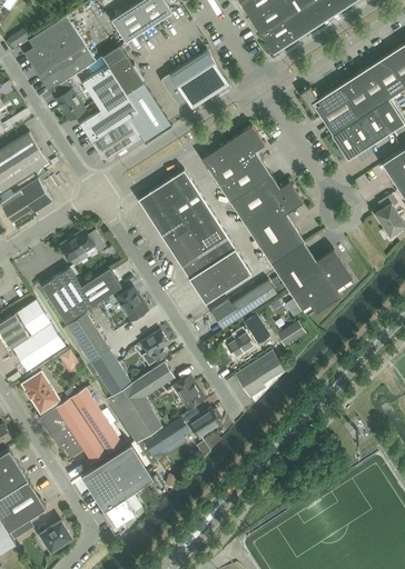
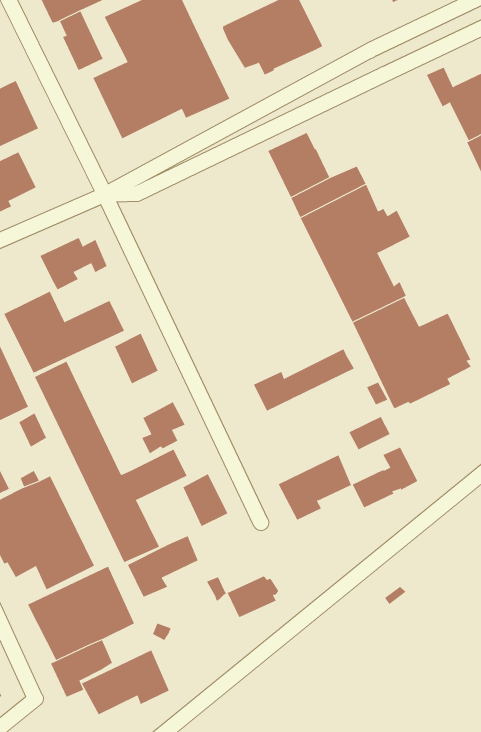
building: [226,126,265,170] -> none
building: [138,170,251,302] -> none
building: [226,316,269,359] -> [352,447,418,508]
building: [188,409,223,439] -> [227,576,279,618]
building: none -> [81,649,169,715]

